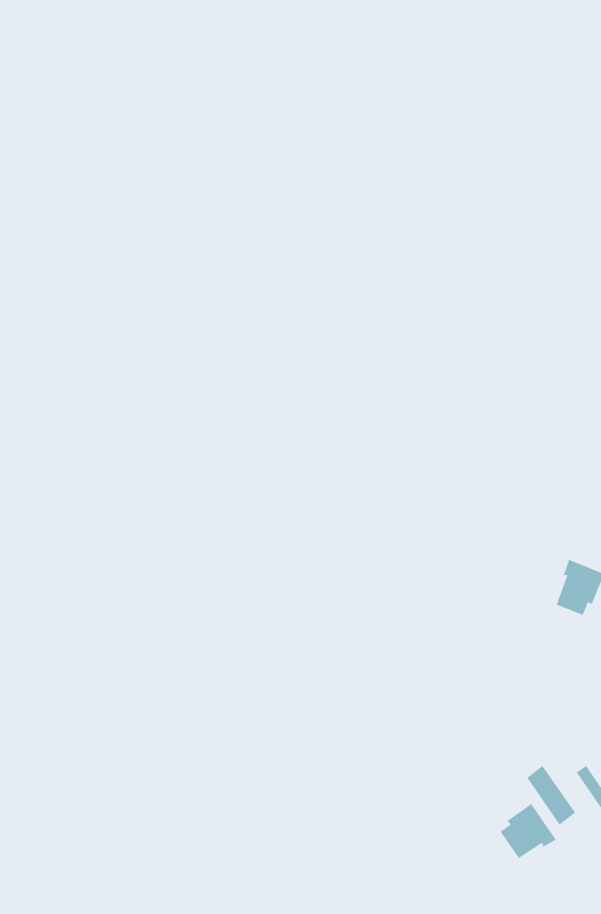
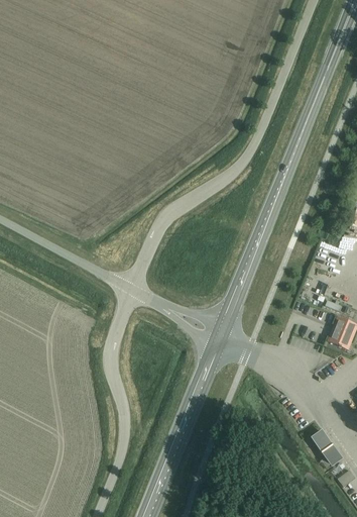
building: [500,803,556,859] -> none

